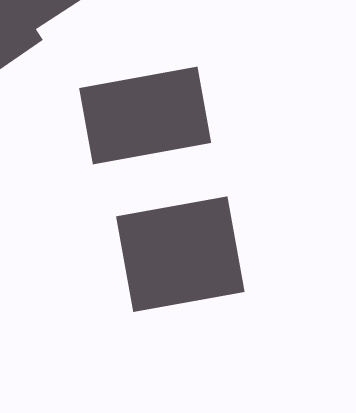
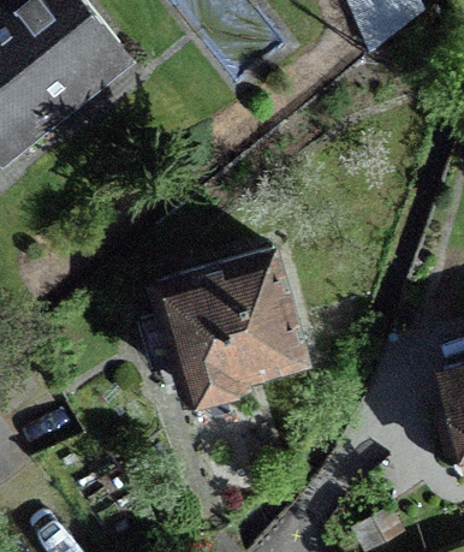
building: [79,66,212,165] -> none

